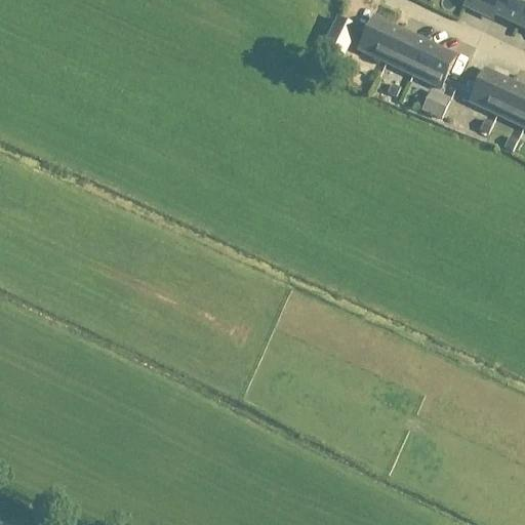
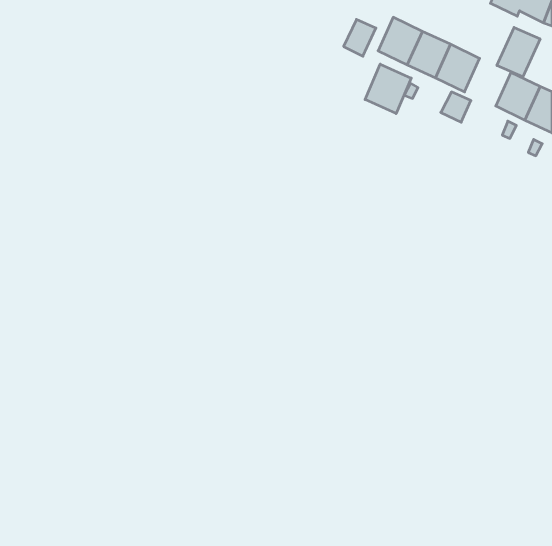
building: none -> [497,27,540,77]
building: none -> [365,64,411,114]

